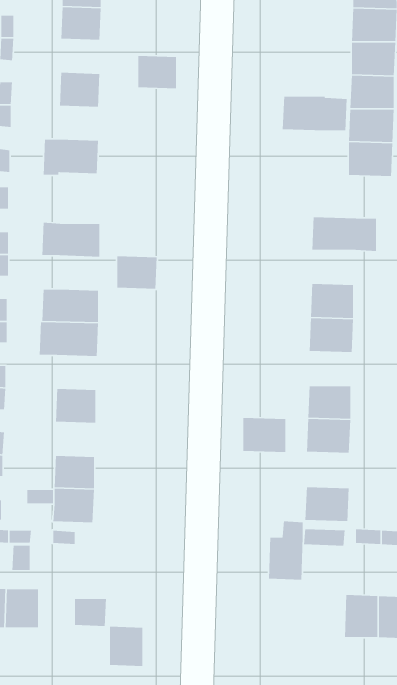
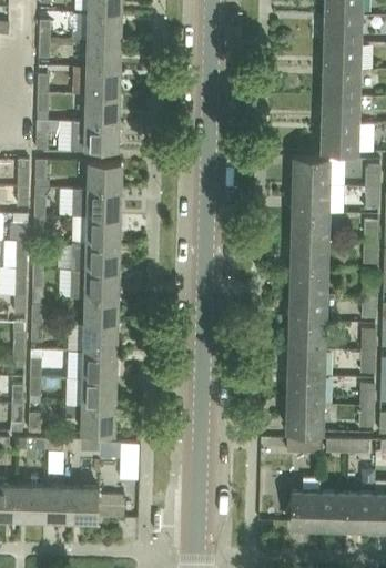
building: [137,55,177,89] -> [88,40,120,68]
building: [282,96,347,131] -> [293,156,346,185]
building: none -> [85,94,119,122]
building: none -> [88,162,121,190]
building: none -> [292,212,327,240]
building: [116,256,157,290] -> [87,216,120,244]
building: none -> [290,294,325,322]
building: none -> [84,297,118,325]
building: [243,417,286,453] -> [287,376,323,405]
building: none -> [67,351,116,379]
building: [268,520,304,580] -> [291,478,319,527]
building: none -> [120,444,139,480]
building: [109,626,143,667] -> [70,487,98,520]

